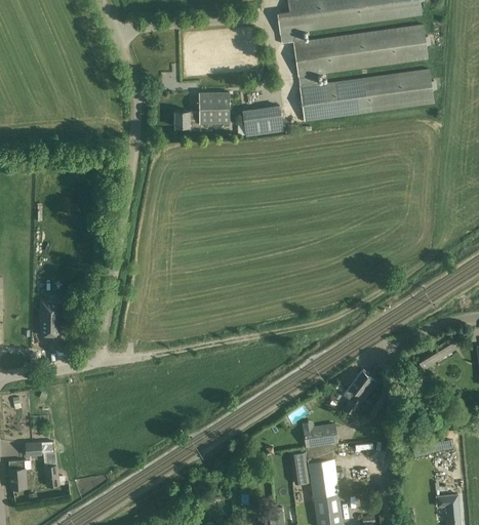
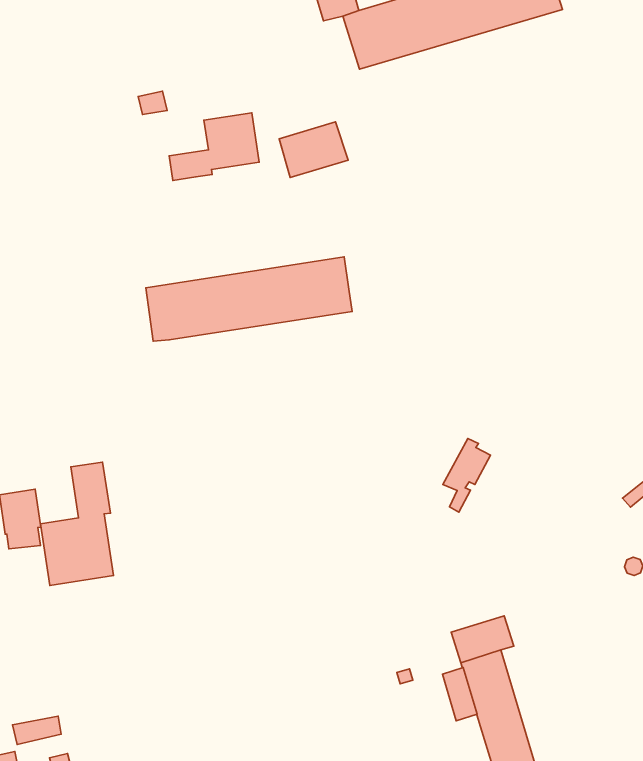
building: [298,68,434,121] -> none
building: none -> [146,257,352,341]
building: none -> [40,462,114,585]
building: [344,369,375,413] -> [443,438,490,512]

